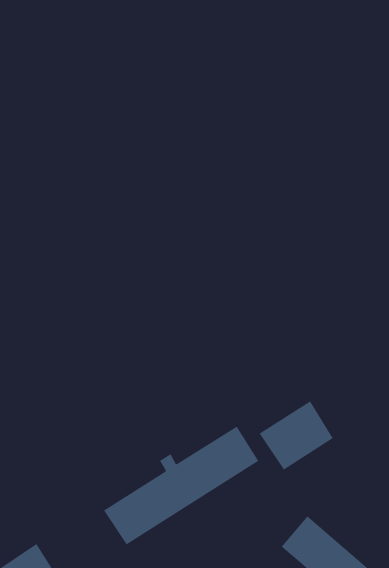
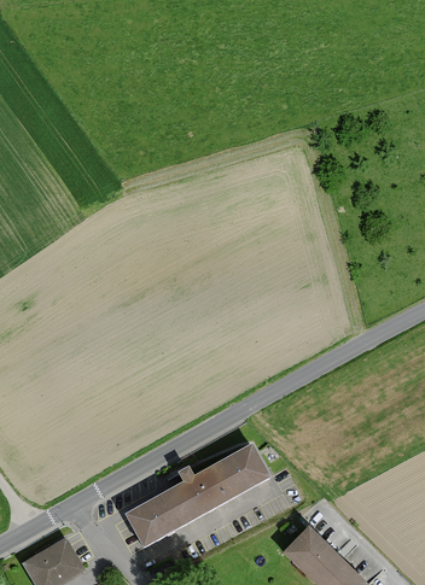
building: [259,400,333,470] -> none

